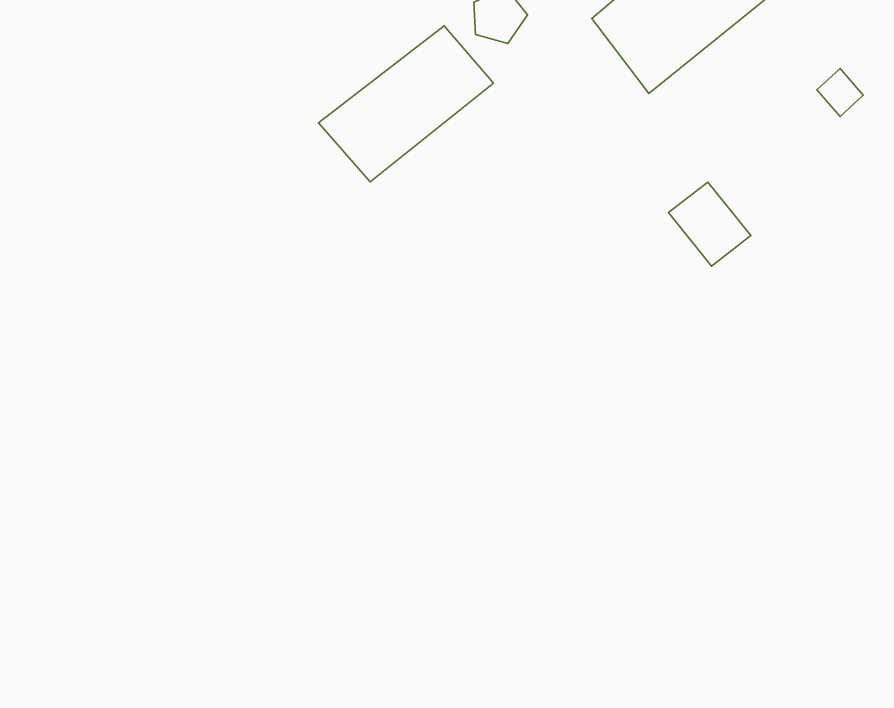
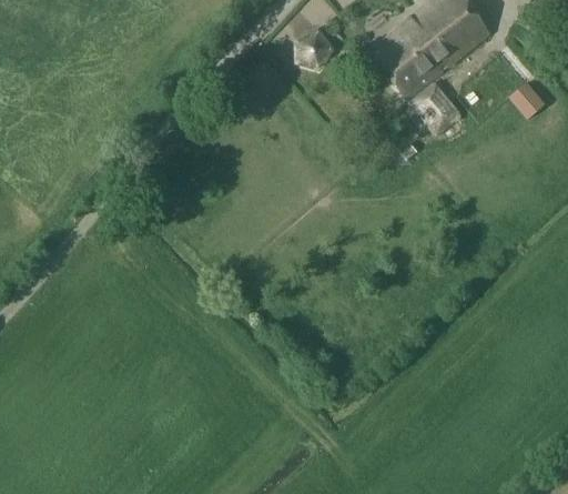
building: [318,26,493,182] -> none
building: [669,182,751,266] -> [412,81,463,133]

